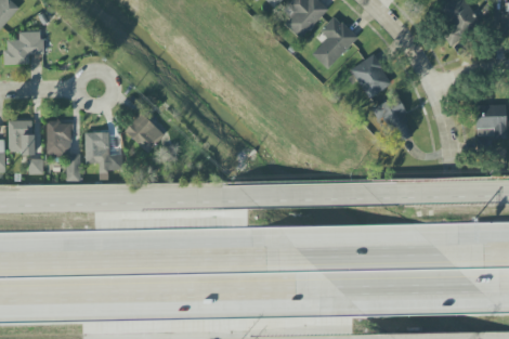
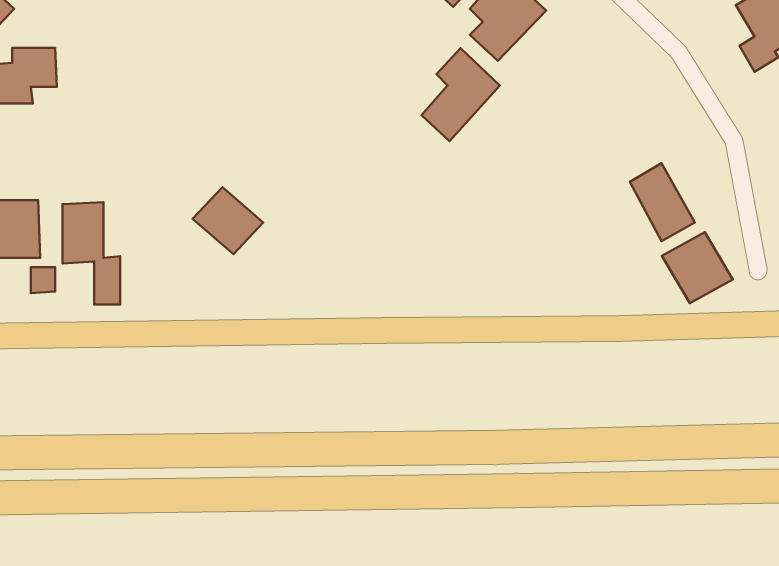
building: [312,14,357,68] -> [422,48,500,141]
building: [353,53,392,96] -> none
building: [86,131,122,179] -> none
building: none -> [662,232,733,303]

